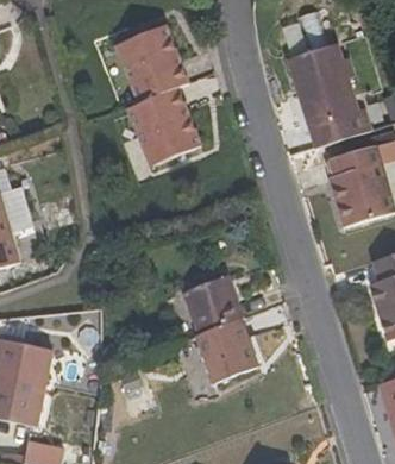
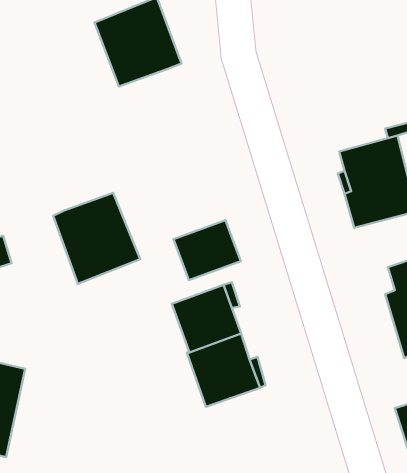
building: [287,43,374,146] -> none
building: [126,87,202,167] -> [53,193,140,284]
building: none -> [173,220,241,280]

